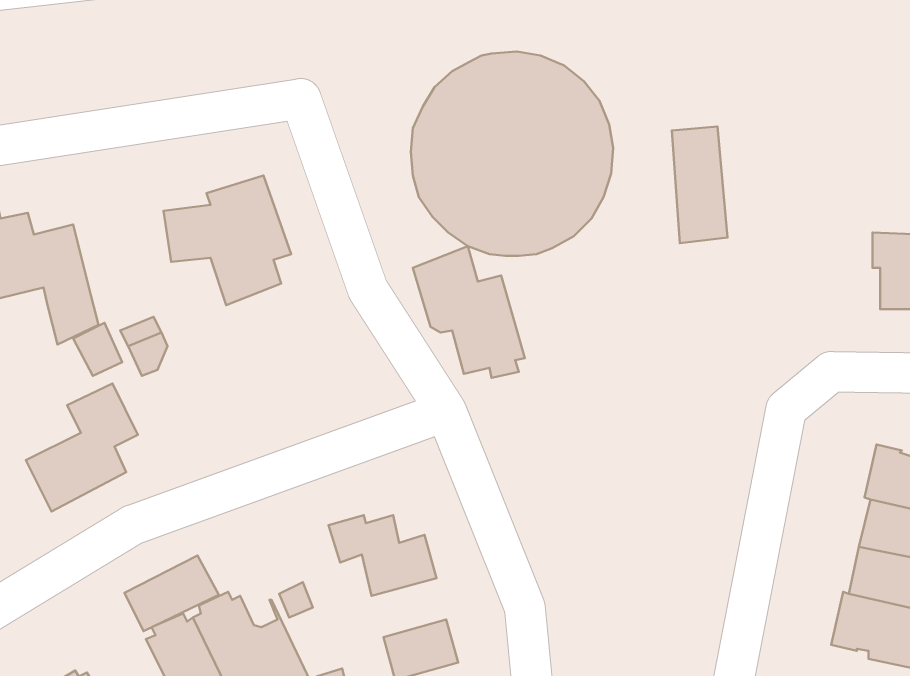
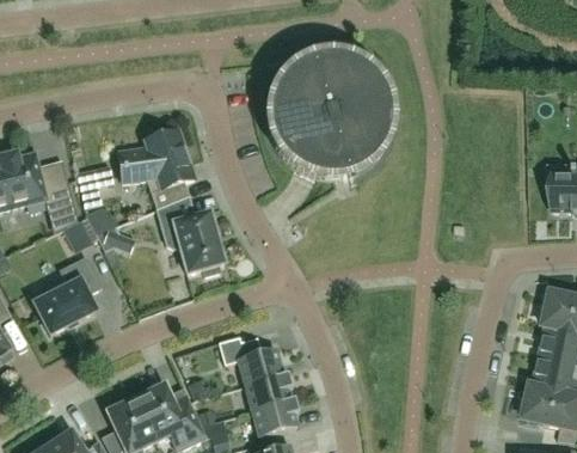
building: [672,127,727,243] -> none
building: [413,246,525,378] -> [155,194,223,274]
building: [125,555,219,631] -> none
building: none -> [244,373,289,409]

